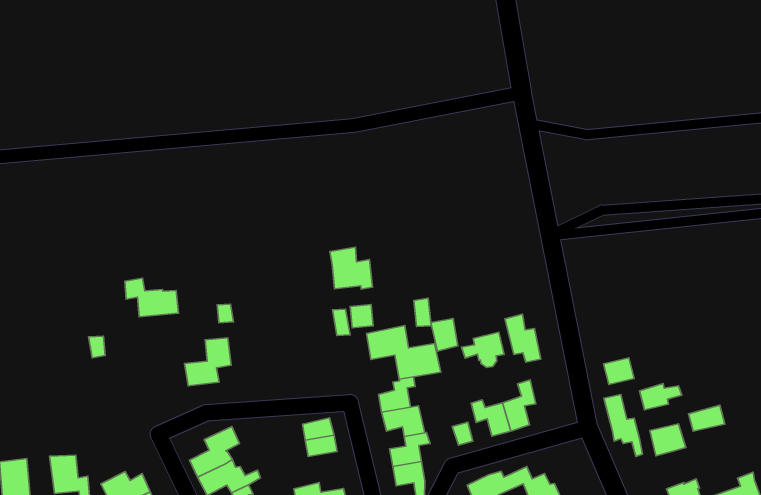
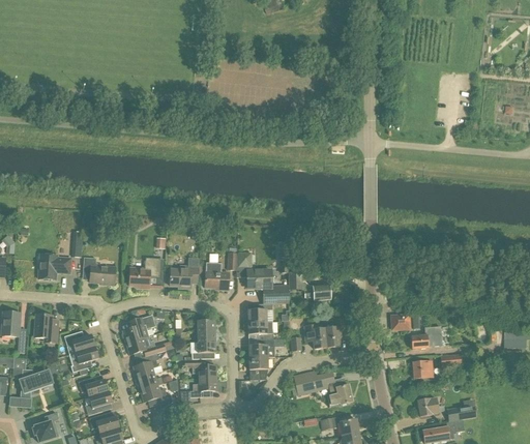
building: [330,247,372,289] -> [204,263,229,290]
building: [125,278,178,317] -> [83,258,115,284]
building: [505,314,541,362] -> none
building: none -> [170,258,199,289]
building: none -> [38,255,70,279]
building: [604,395,642,457] -> none
building: none -> [189,342,215,359]

